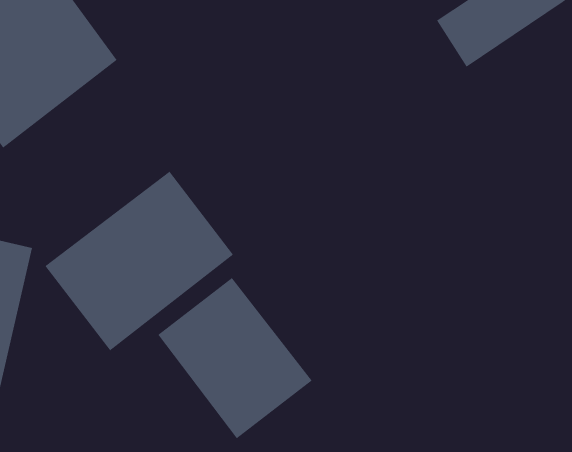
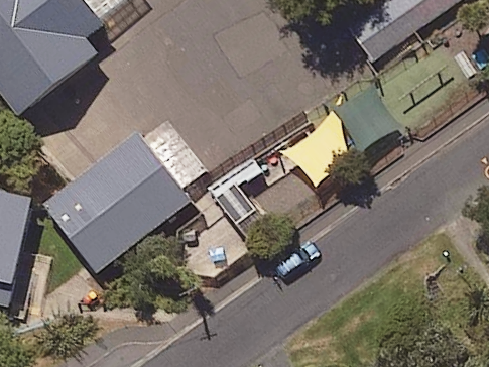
building: [157,277,312,439] -> none

